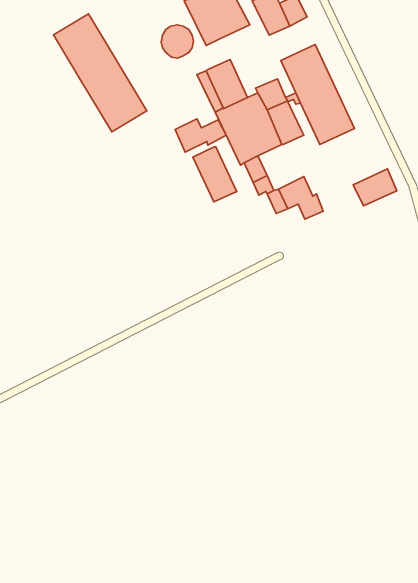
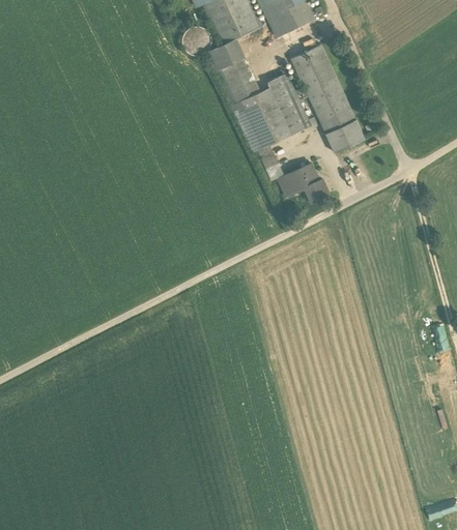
building: [53,14,147,132] -> none
building: none -> [205,38,244,70]
building: [175,119,226,152] -> none
building: [193,147,237,202] -> none
building: [353,169,397,206] -> [324,119,364,152]

